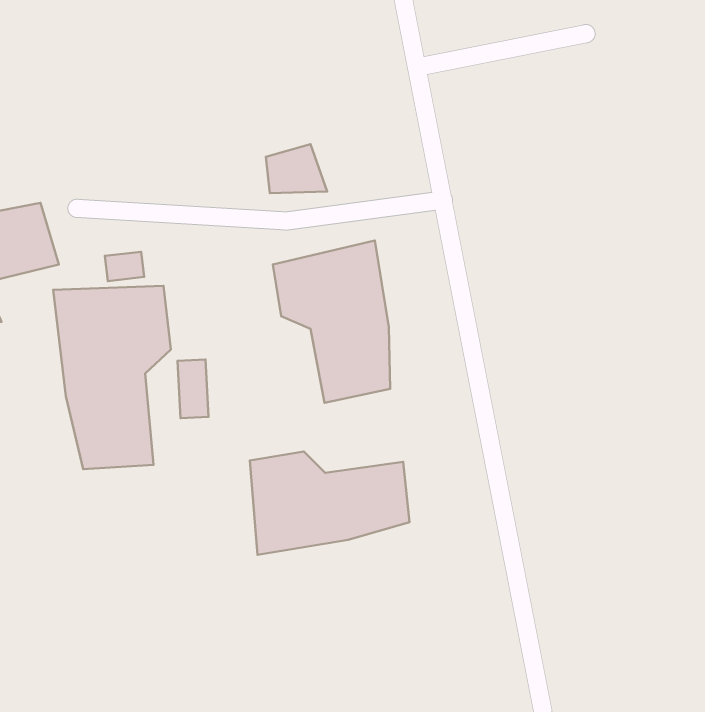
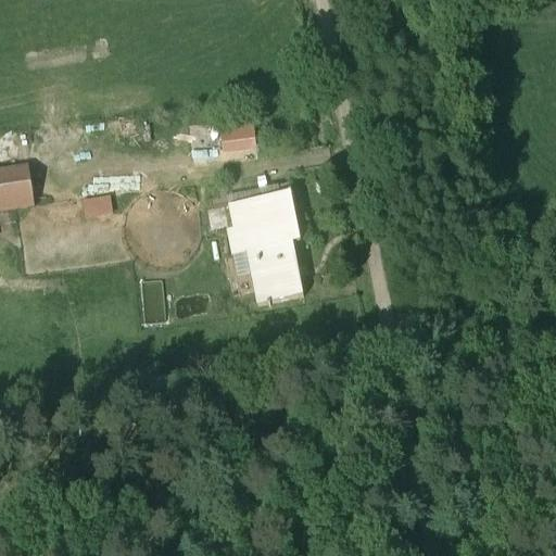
building: [53,286,171,469] -> none
building: [250,452,410,555] -> none

